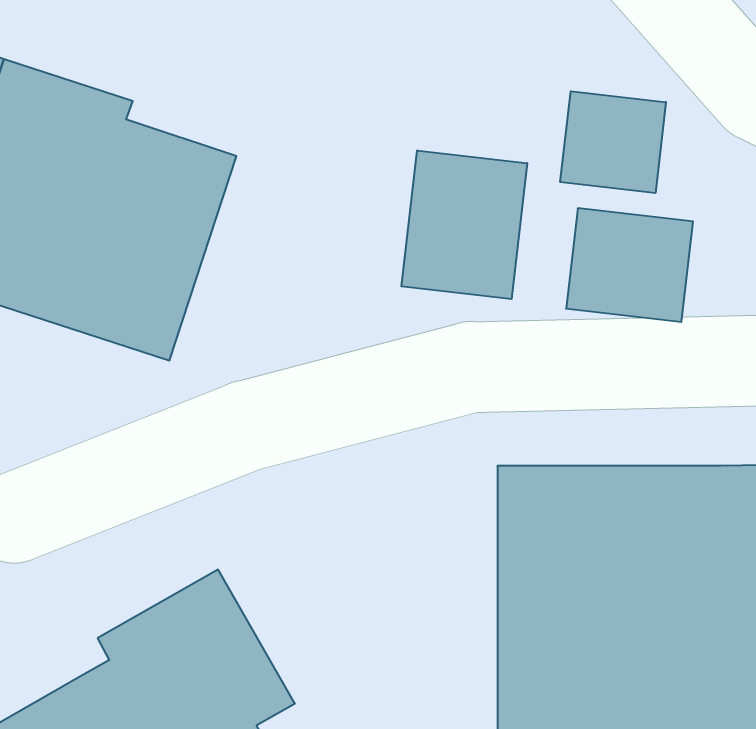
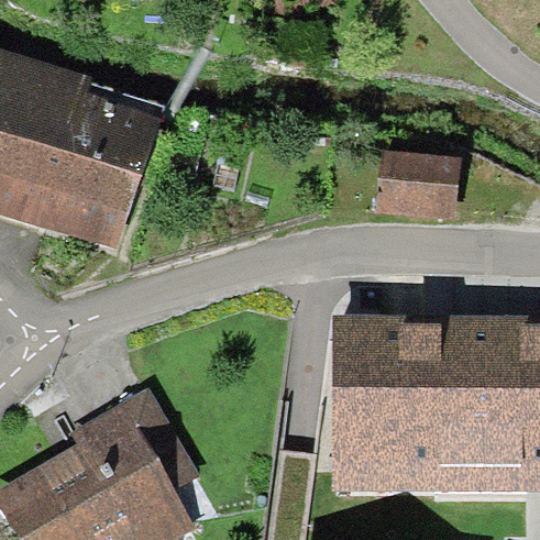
building: [560,91,666,193] -> none
building: [401,150,527,299] -> none

